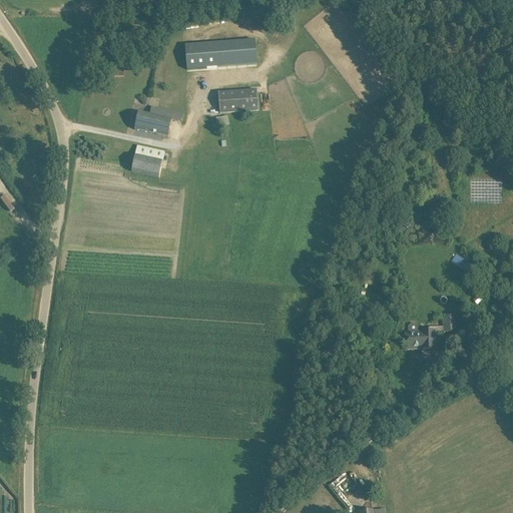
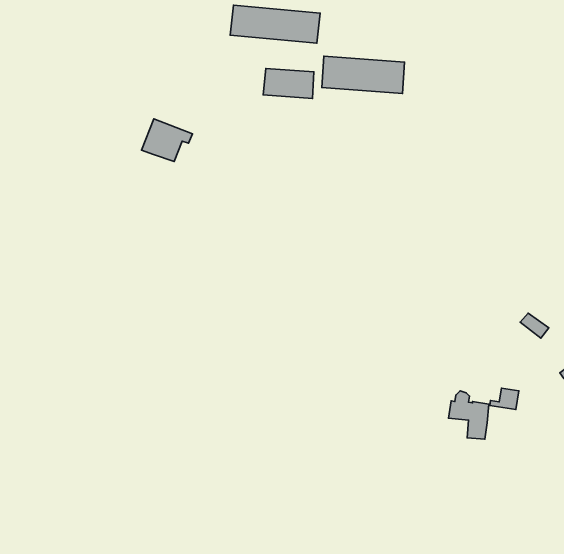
building: none -> [322,56,404,94]
building: [132,103,182,134] -> none

